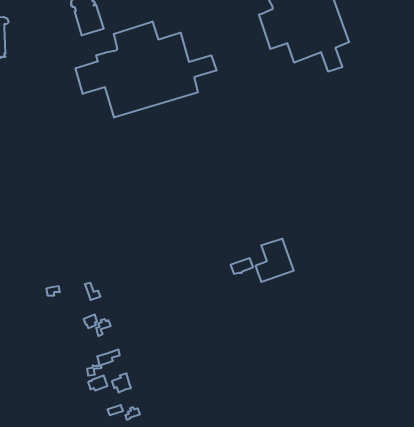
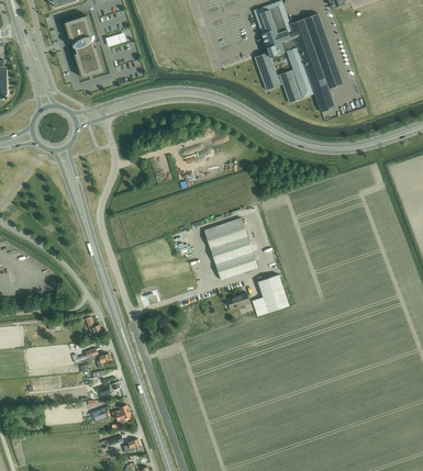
building: [76,21,216,118] -> none
building: none -> [203,216,257,279]

